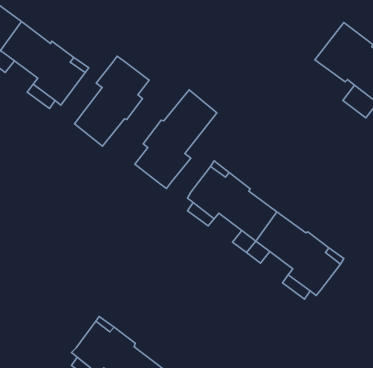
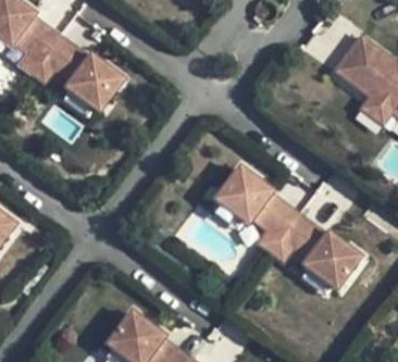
building: [74,56,149,146] -> none
building: [135,90,217,189] -> none

